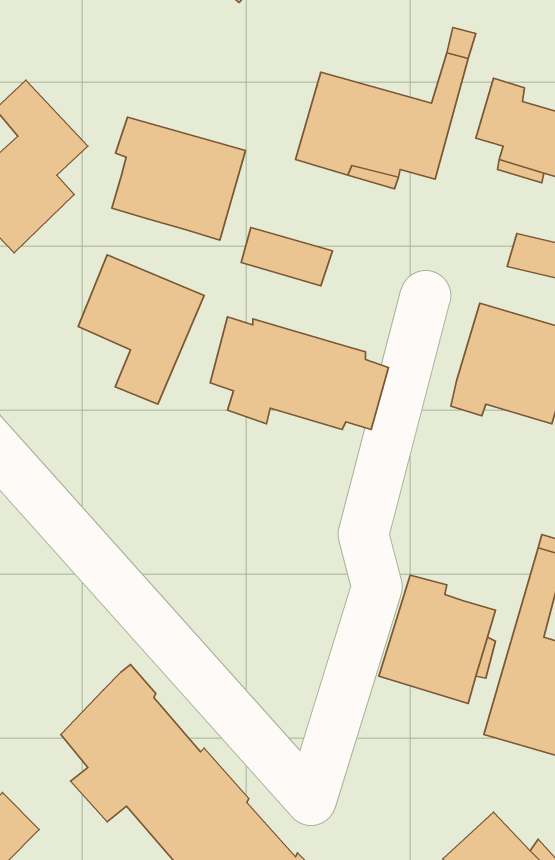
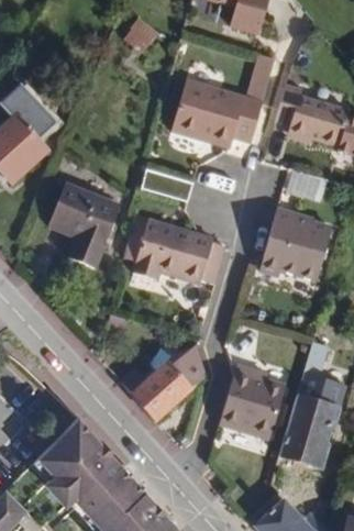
building: [112,117,246,240] -> none
building: none -> [120,345,204,419]

